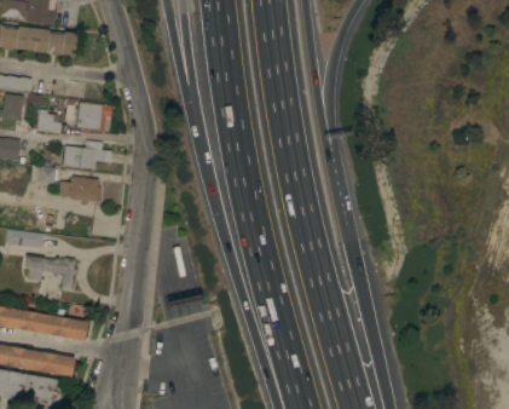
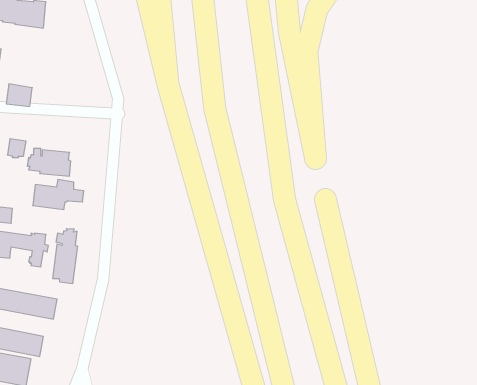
building: [76,102,110,132] -> none
building: [62,140,111,169] -> [33,180,84,209]
building: none -> [53,229,77,284]

